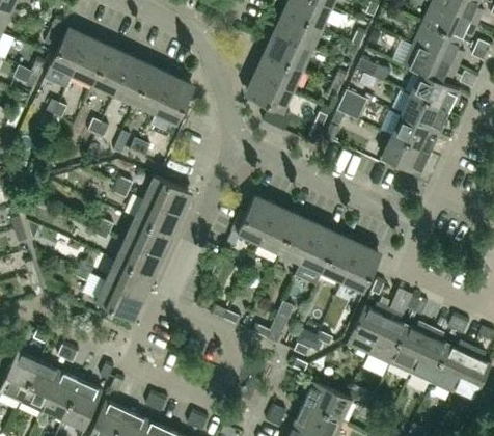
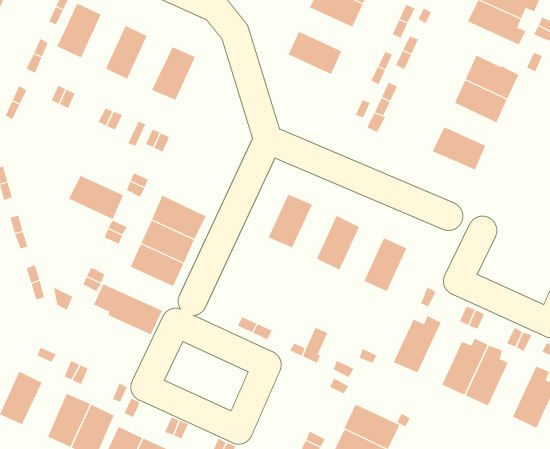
building: [264,31,311,70] -> none
building: [73,37,111,85] -> none
building: [403,44,458,83] -> none
building: [113,56,153,104] -> none
building: [244,73,293,112] -> none
building: [156,75,195,124] -> none
building: [391,115,438,153] -> none
building: [143,175,192,215] -> [68,175,124,220]
building: [258,205,297,252] -> none
building: [300,224,338,272] -> none
building: [341,243,381,292] -> none
building: [105,260,154,298] -> none
building: [368,308,407,363] -> none
building: [431,340,472,391] -> none
building: [21,361,59,409] -> none

